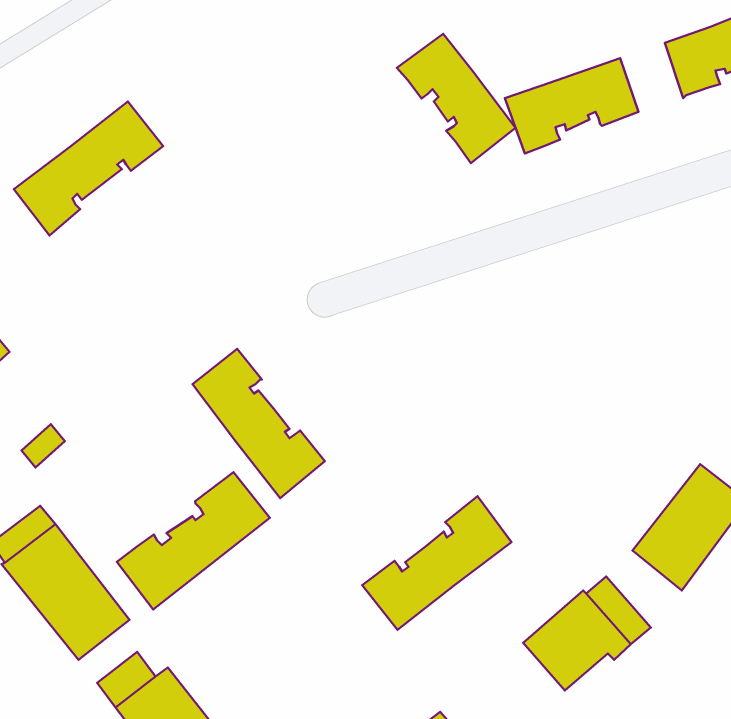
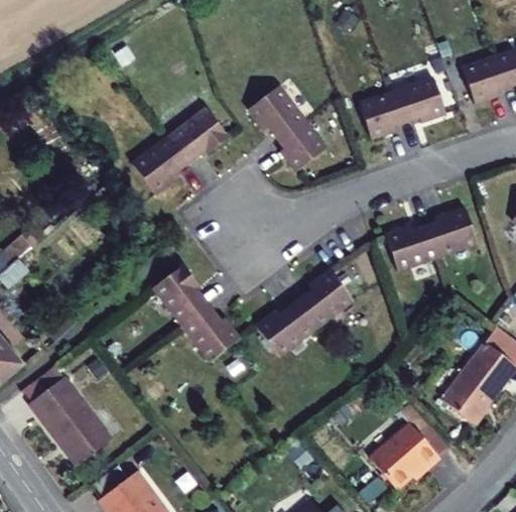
building: [397,34,515,163] -> [247,87,325,171]
building: [14,102,163,235] -> [130,108,228,196]
building: none -> [386,207,479,270]
building: [117,472,270,610] -> none
building: [362,496,511,630] -> [256,269,354,357]

